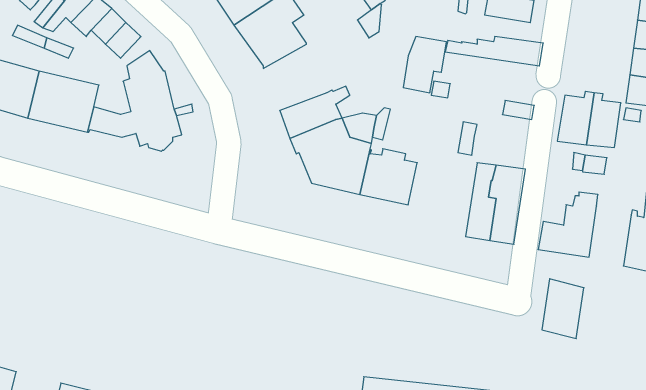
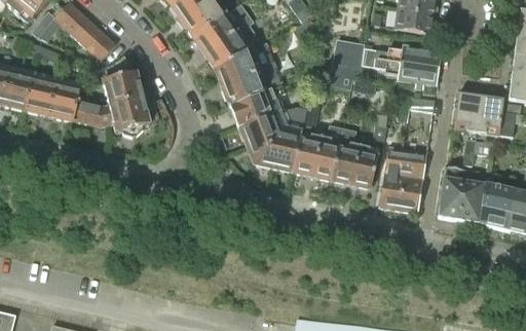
building: none -> [216,51,277,105]
building: none -> [362,58,439,88]
building: none -> [333,128,378,189]
building: none -> [442,167,471,197]
building: [542,279,584,339] -> [479,182,513,230]

